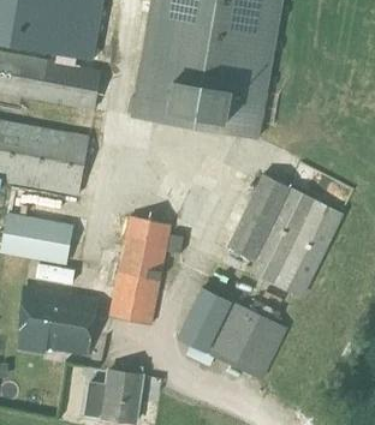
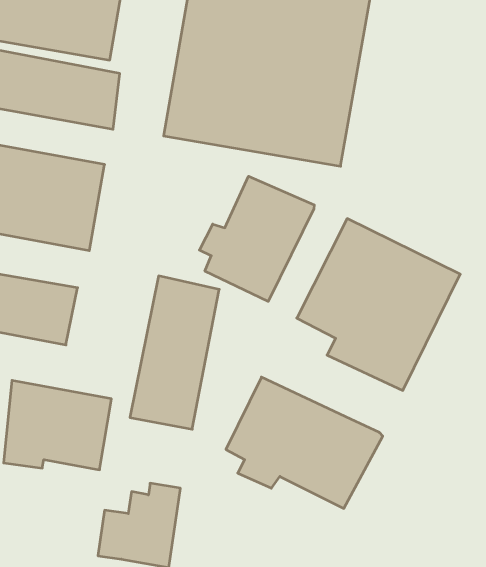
building: none -> [199,176,314,301]

